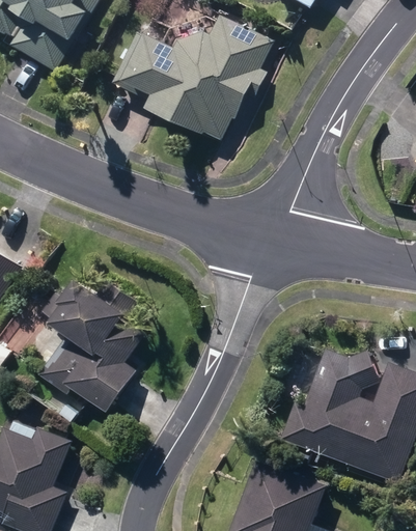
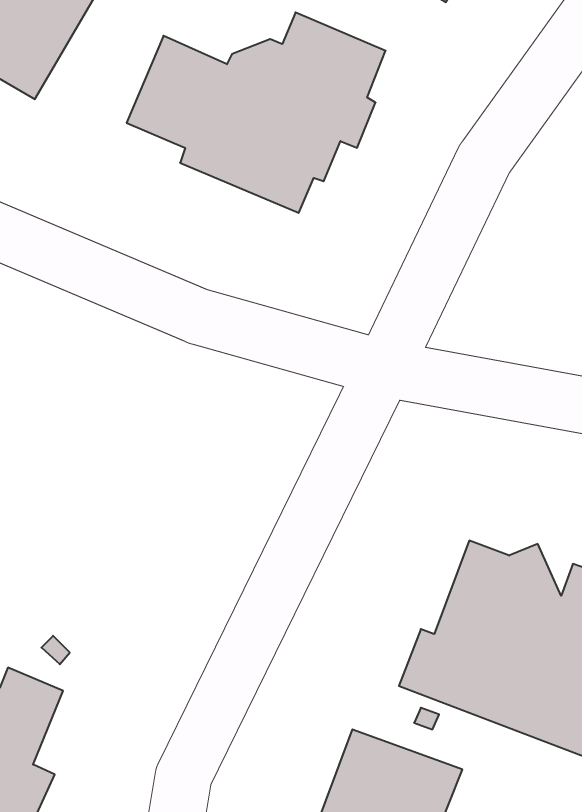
building: [38,275,144,413] -> none

